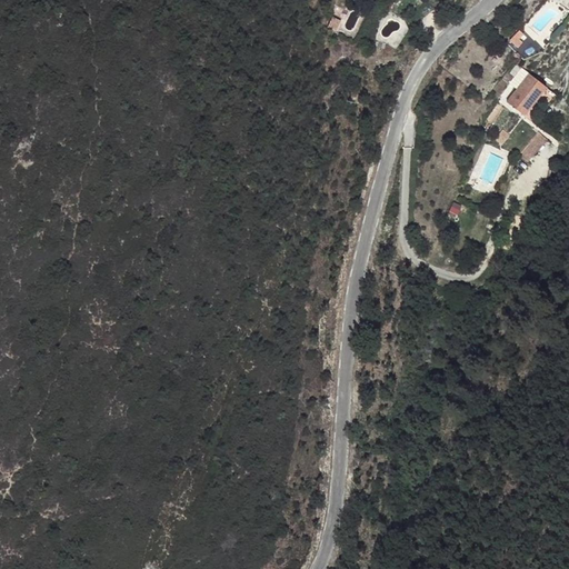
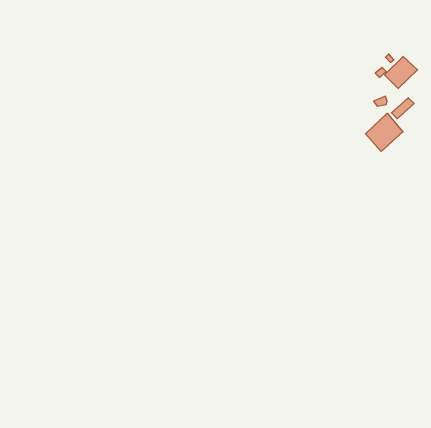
building: none -> [365,113,403,151]

